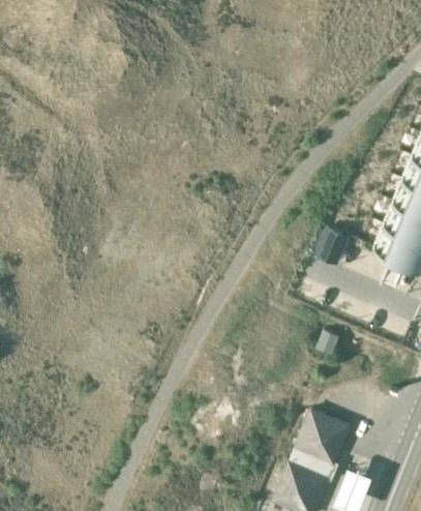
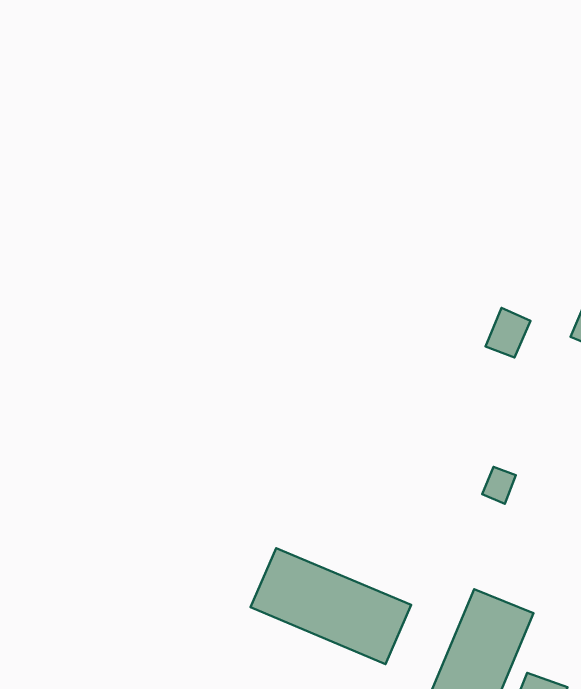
building: none -> [251,548,411,664]

